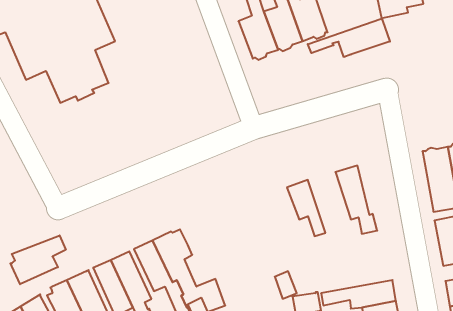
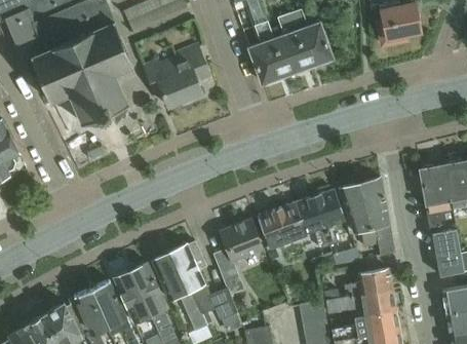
building: none -> [145,45,210,110]
building: [308,18,390,57] -> none
building: none -> [360,178,394,256]
building: none -> [314,190,345,245]
building: none -> [259,203,306,247]
building: none -> [216,219,263,281]
building: [10,235,66,284] -> none
building: none -> [325,269,393,302]

